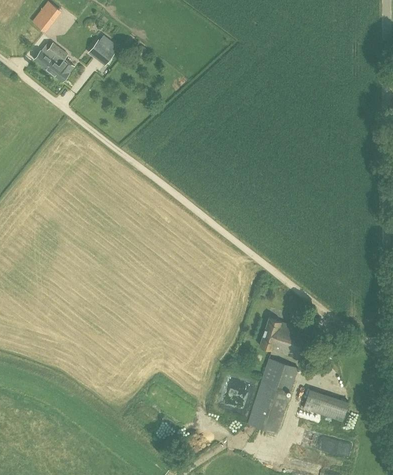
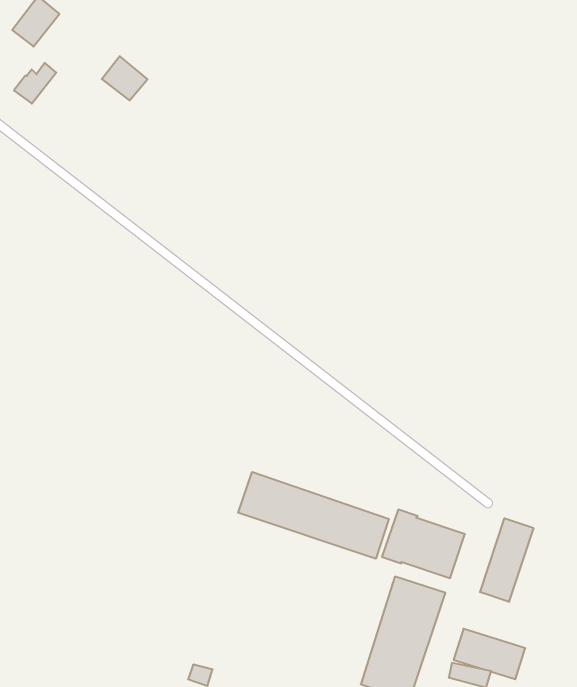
building: [44,47,73,80] -> none
building: none -> [238,472,389,559]
building: none -> [480,518,533,602]

